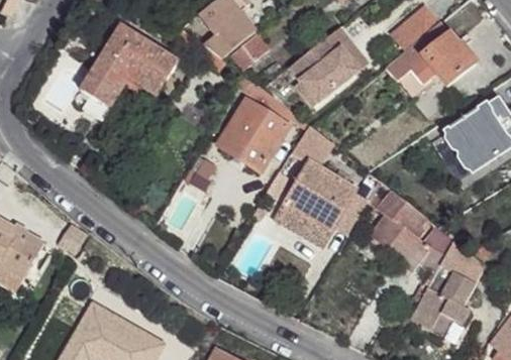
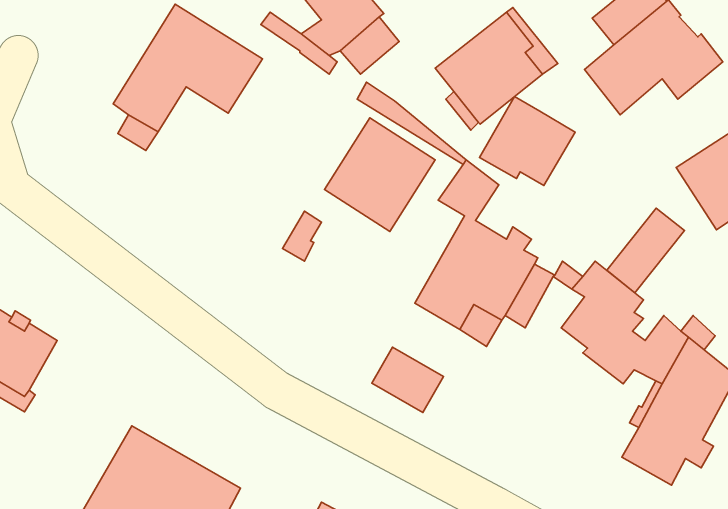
building: none -> [480,96,575,185]
building: none -> [607,208,684,293]
building: none -> [372,347,444,412]

